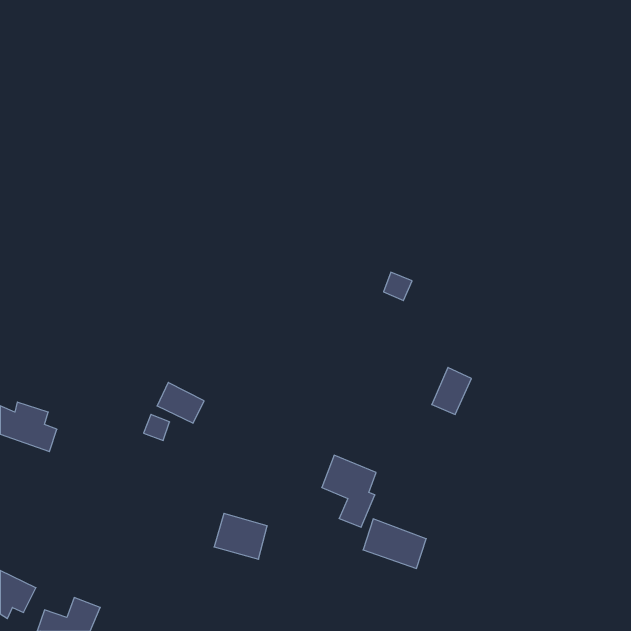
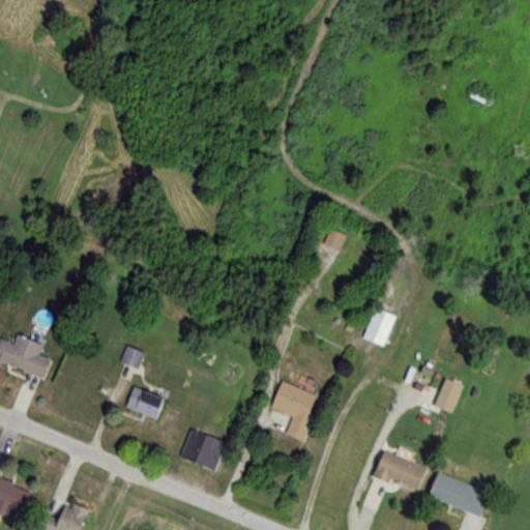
building: [157,382,204,423] -> [124,386,164,420]
building: none -> [434,378,463,413]
building: [363,519,426,568] -> [373,449,425,491]
building: none -> [428,473,488,516]

